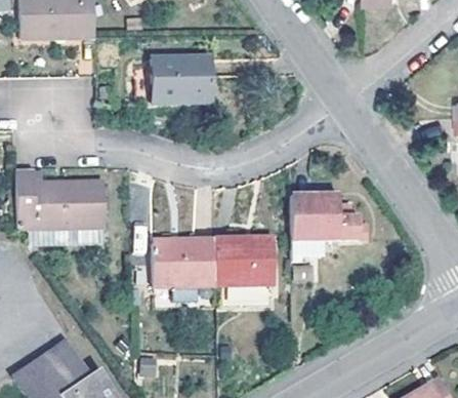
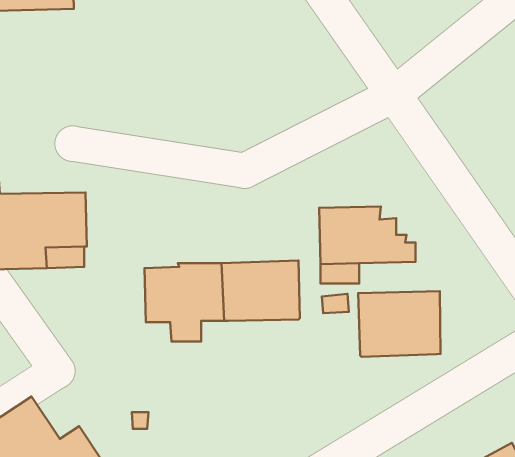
building: [150,57,211,103] -> none
building: none -> [358,291,441,357]

